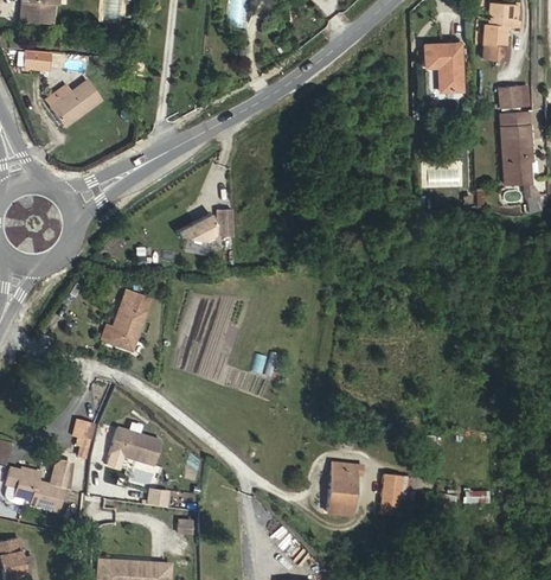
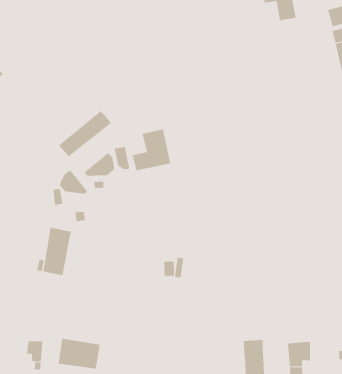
building: none -> [58,110,112,157]
building: none -> [132,128,171,171]
building: none -> [59,170,88,195]

